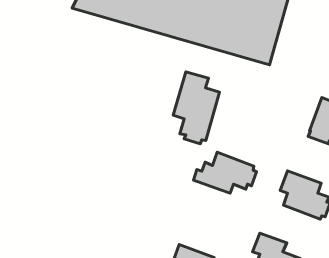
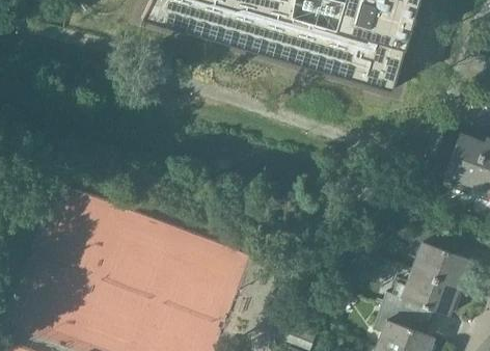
building: [173,72,219,144] -> none
building: [194,152,256,193] -> [381,270,461,322]

